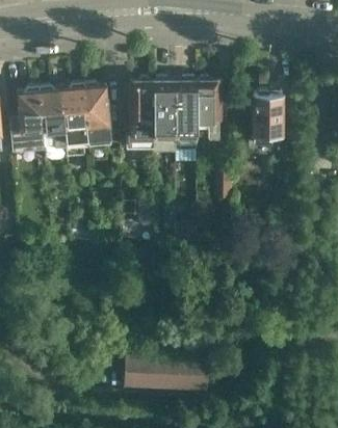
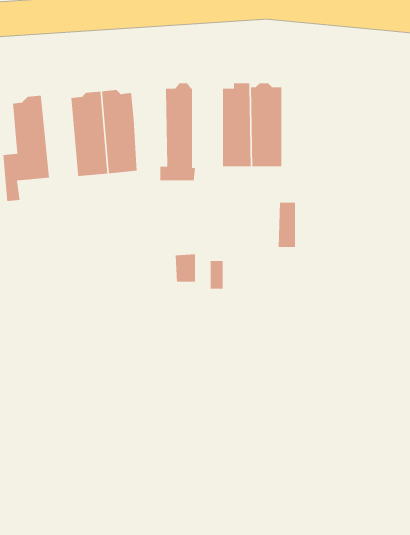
building: [152,76,174,139] -> none
building: [38,84,66,148] -> none
building: [254,89,281,143] -> none
building: [126,359,206,390] -> none

